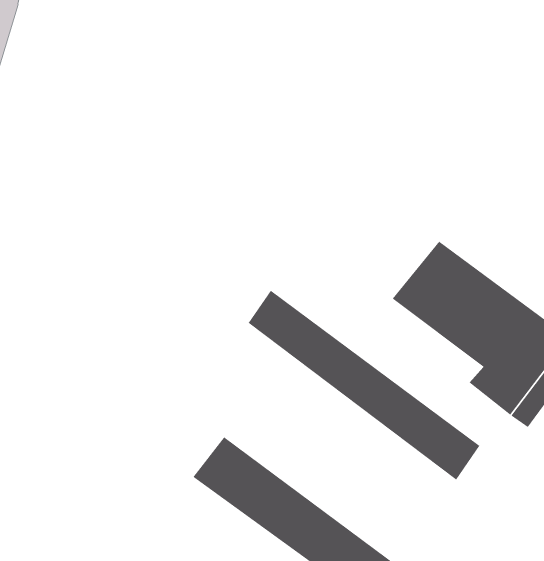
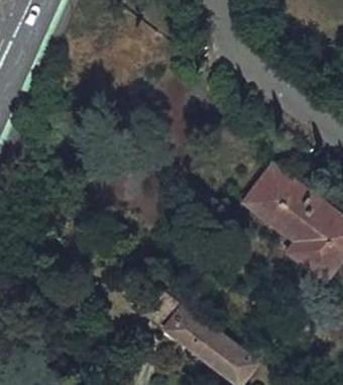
building: [248,290,480,480] -> none

